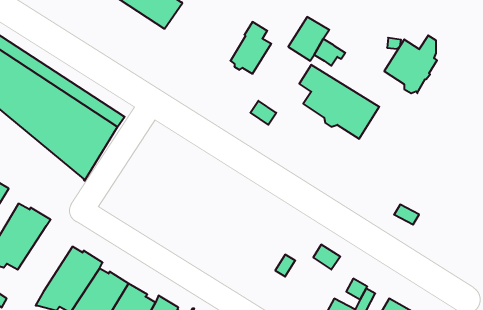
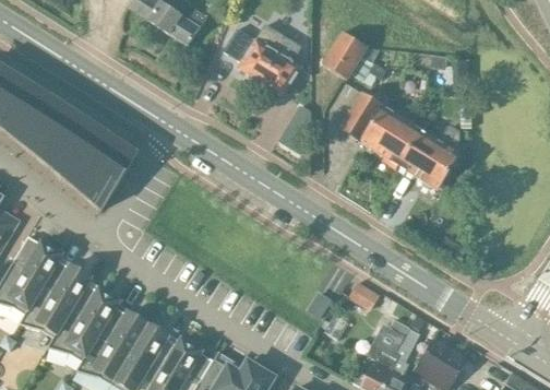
building: none -> [224,25,284,80]
building: [384,35,437,93] -> [400,126,458,189]
building: none -> [19,260,92,332]

